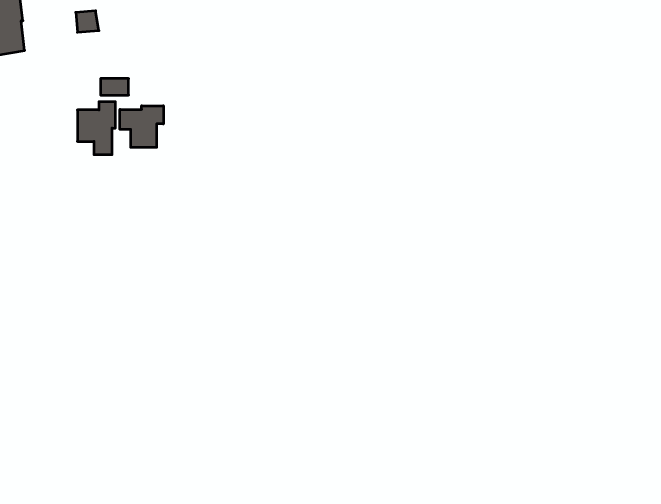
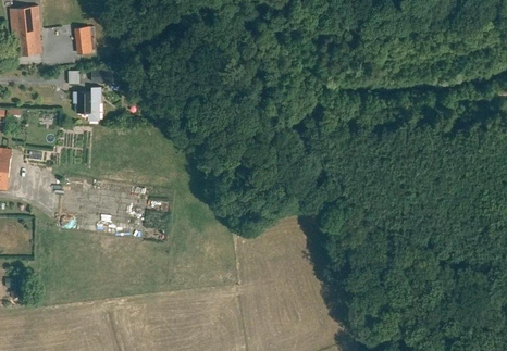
building: [120,106,163,147] -> none

